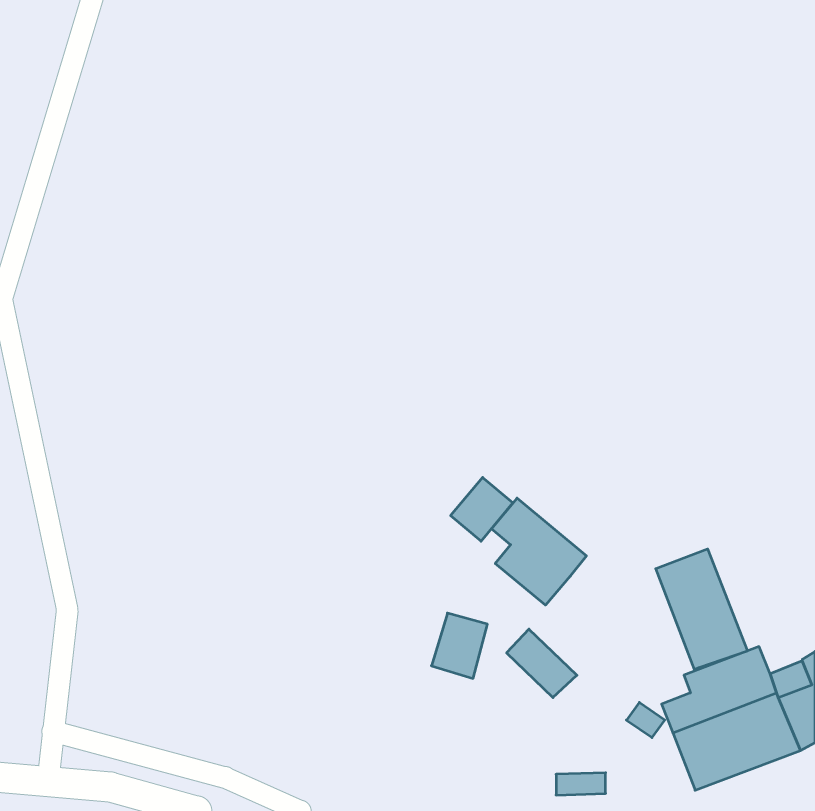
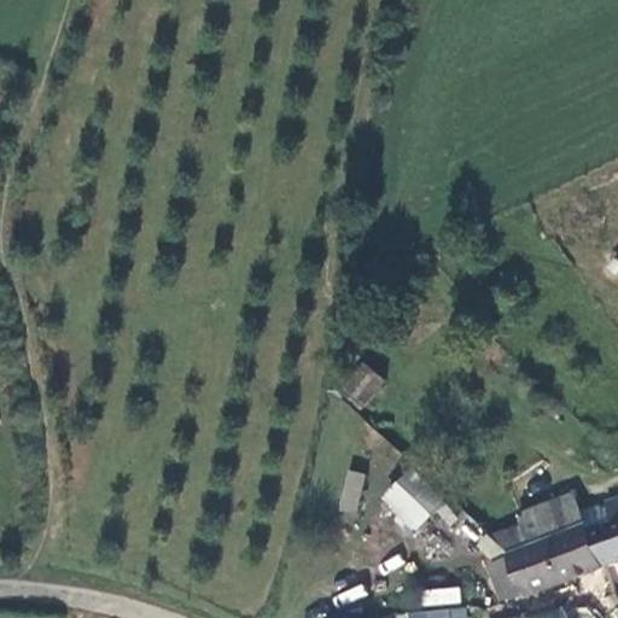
building: [491,498,586,605] -> none
building: [656,549,747,670] -> none

